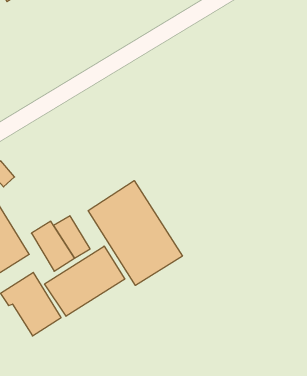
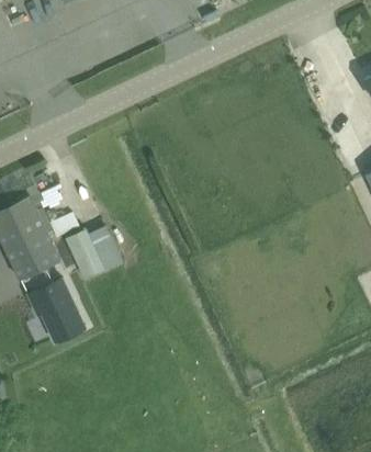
building: [88,181,182,285] -> none
building: [45,246,125,316] -> none

